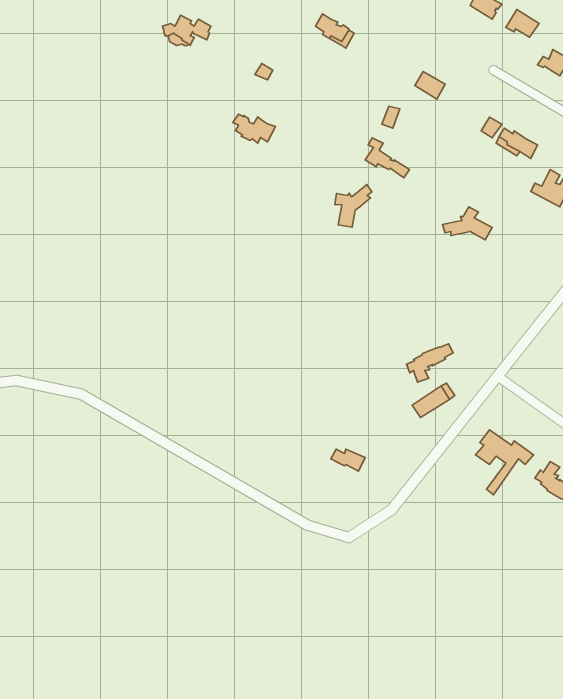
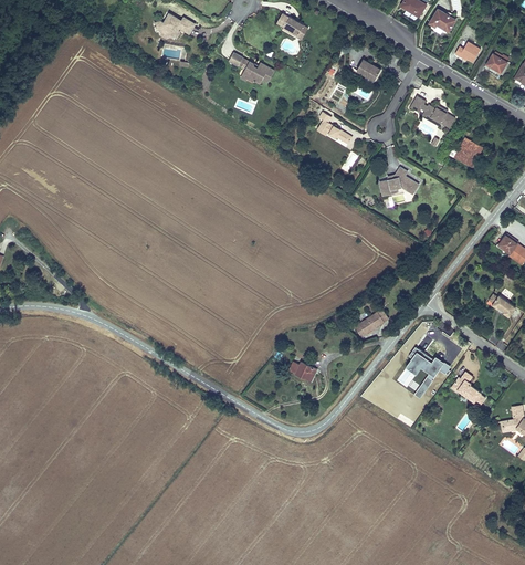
building: [233,114,276,143] -> [240,60,274,83]
building: [335,185,372,227] -> none
building: [407,344,453,382] -> none

